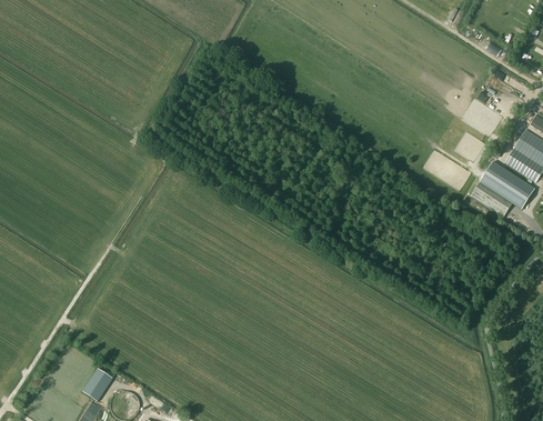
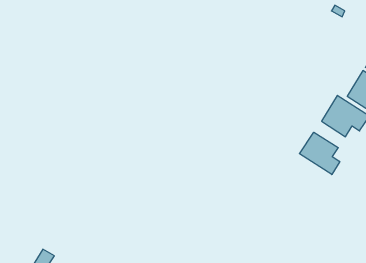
building: none -> [299,132,340,175]

